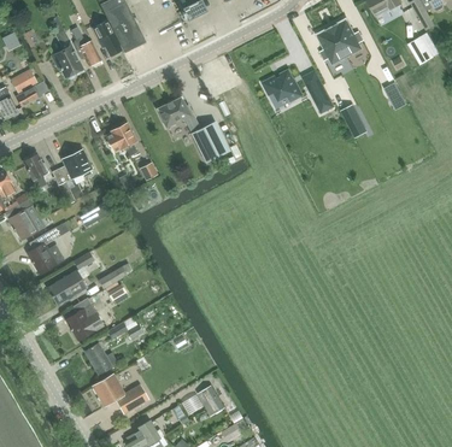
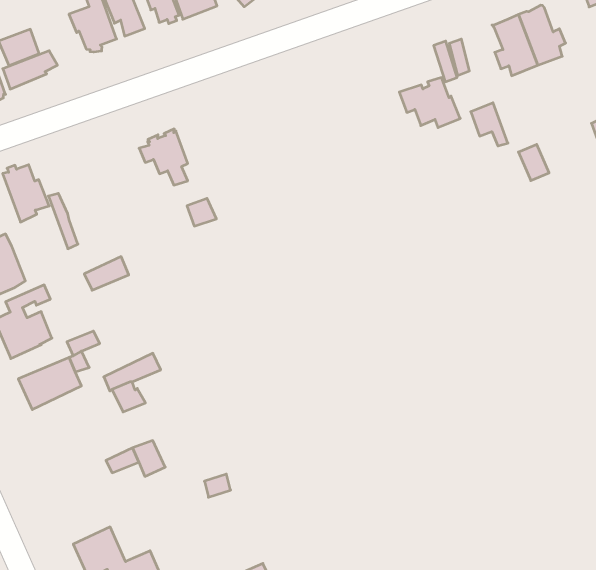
building: [157,96,229,163] -> none
building: [58,148,92,181] -> none
building: [65,298,104,340] -> none
building: [83,342,117,375] -> none

